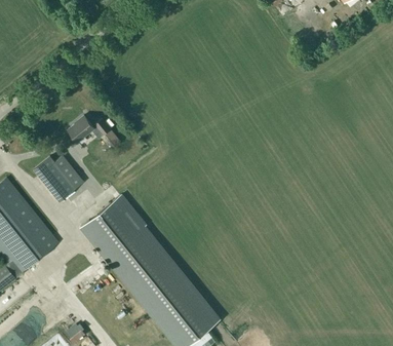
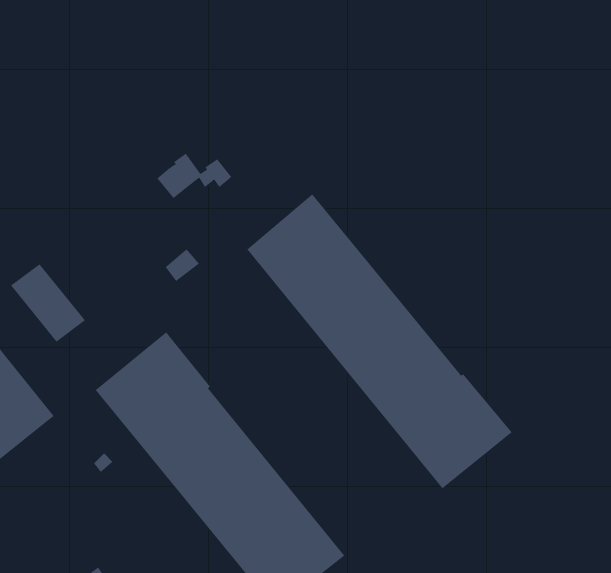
building: [69,116,111,142] -> [157,153,232,199]
building: none -> [246,193,512,489]

